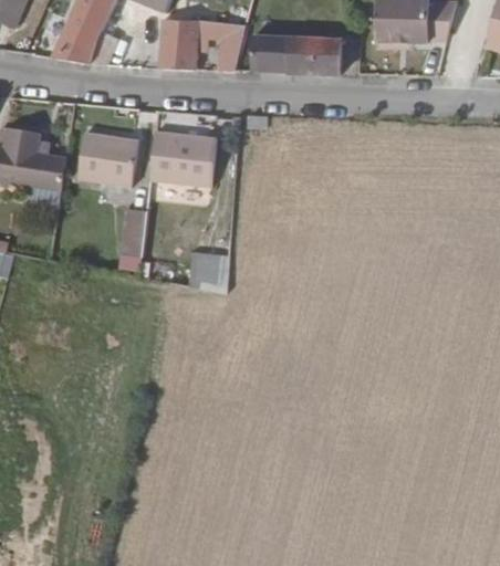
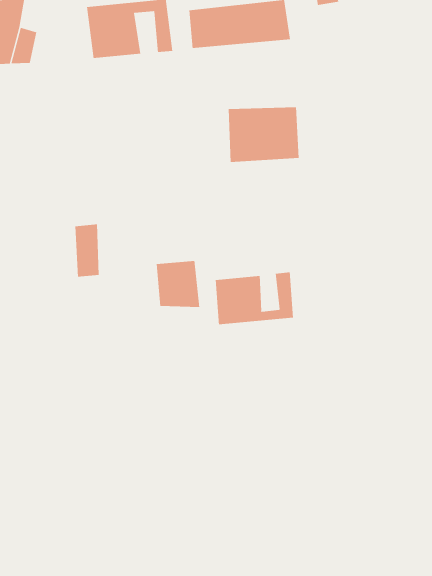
building: [149,132,216,185] -> [228,107,300,162]
building: [76,133,136,187] -> none
building: none -> [215,271,293,325]

